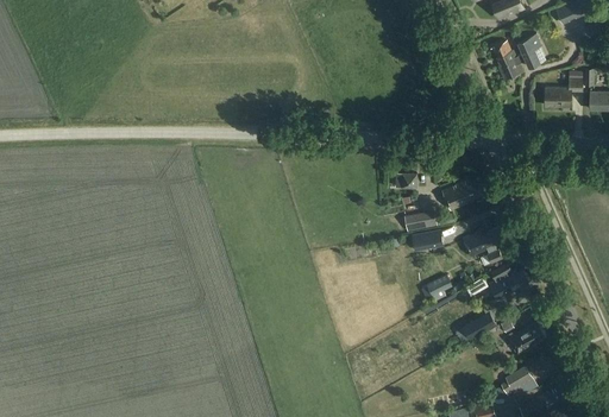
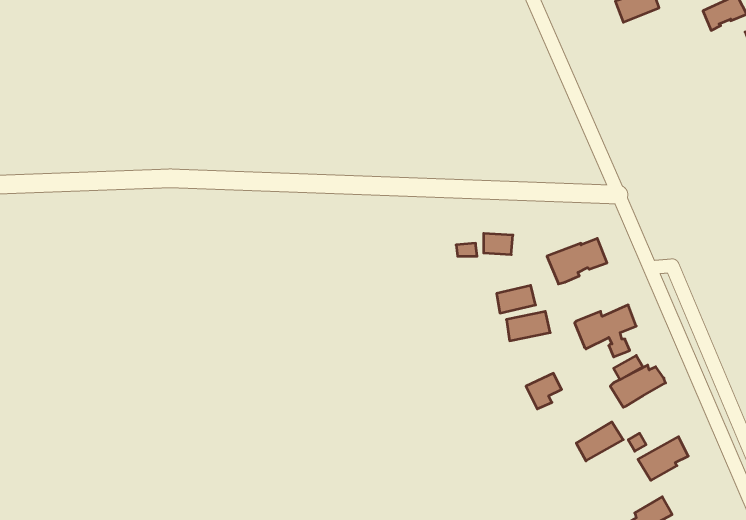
building: [492,33,545,80] -> none
building: [544,77,582,107] -> none

